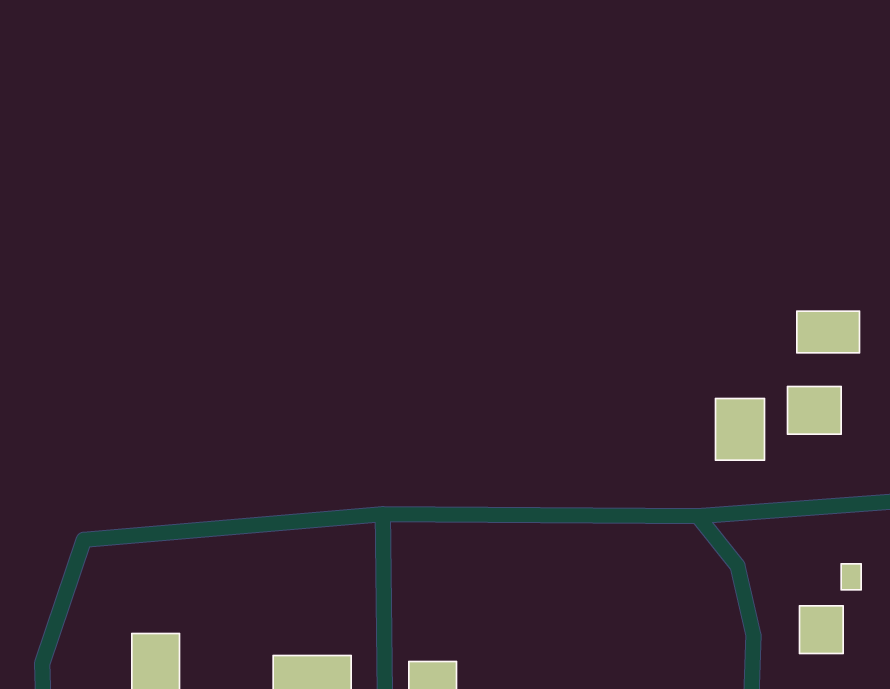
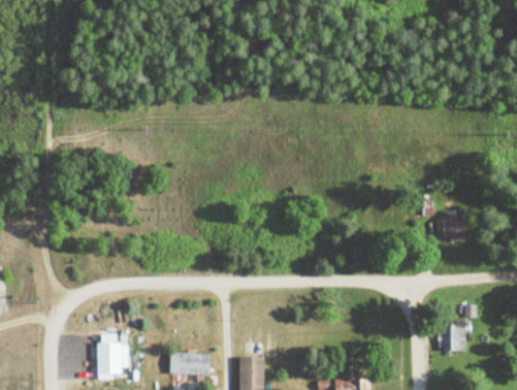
building: [797,311,859,353] -> none
building: [716,399,765,460] -> none

